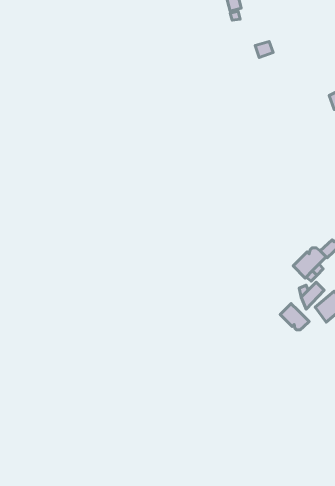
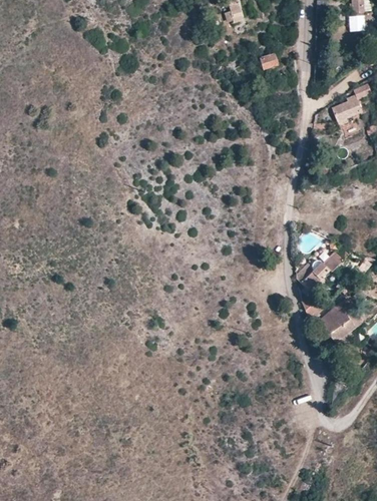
building: [280,304,309,330] -> none

